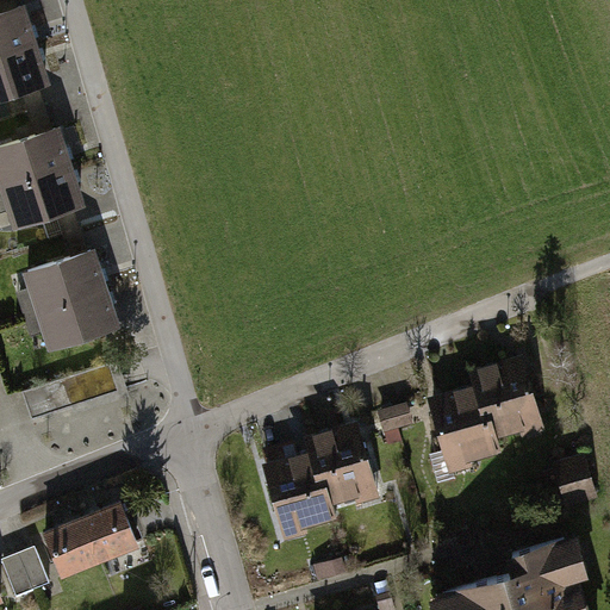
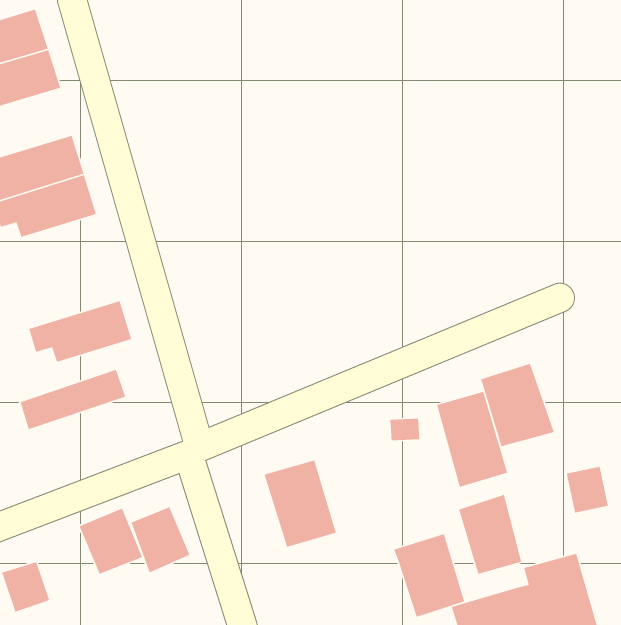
building: [19,254,117,320] -> none
building: [301,421,372,503] -> [393,533,465,618]
building: none -> [458,494,522,575]
building: [38,512,97,578] -> [131,506,191,574]

